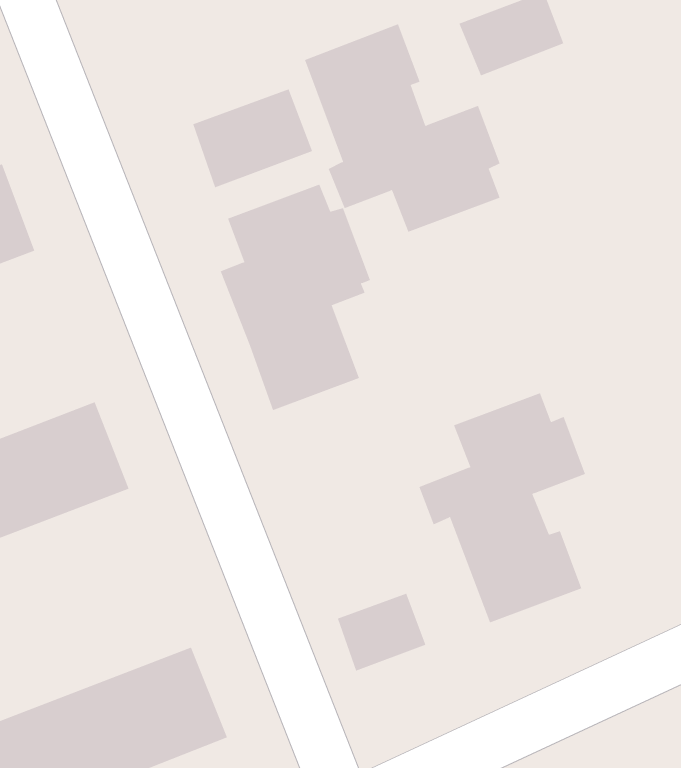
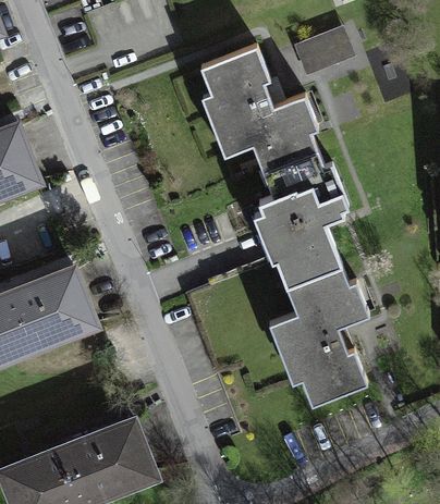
building: [192,89,313,188] -> none
building: [220,184,371,411] -> [258,152,349,288]
building: [337,593,426,671] -> none

